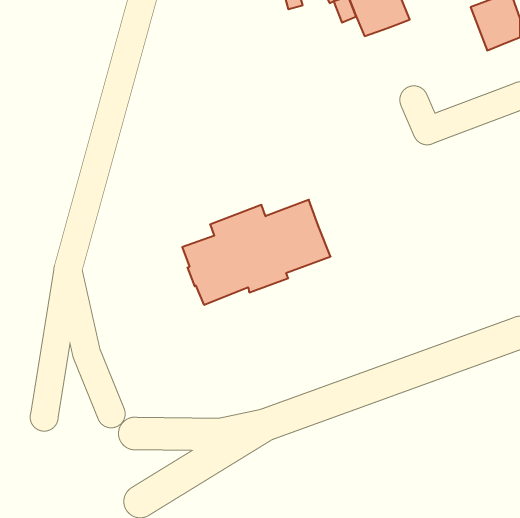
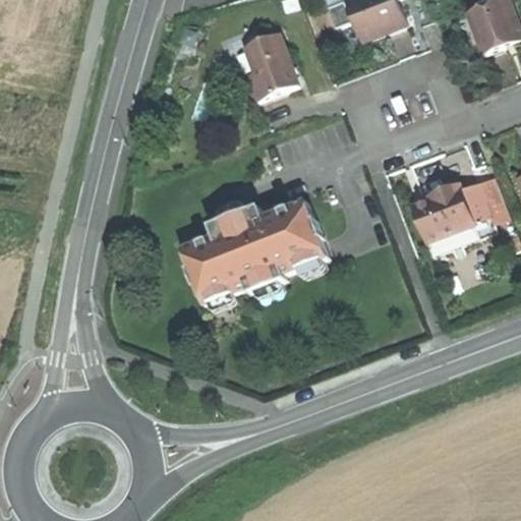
building: none -> [241,30,296,97]
building: none -> [412,179,495,252]

